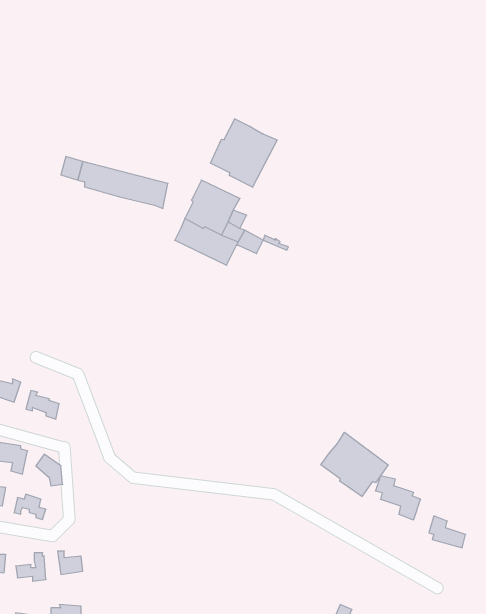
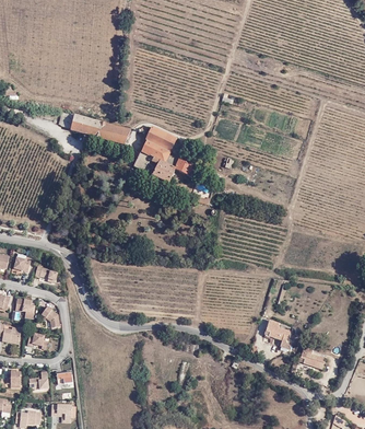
building: [211,119,277,187] -> none
building: [321,432,388,496] -> none

